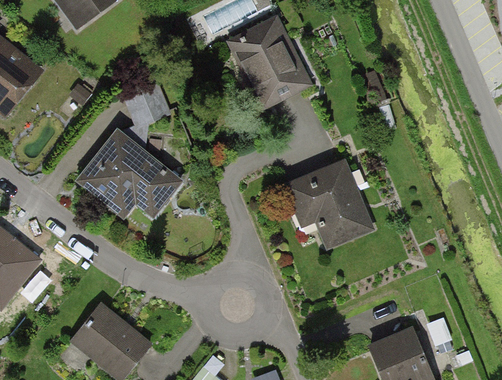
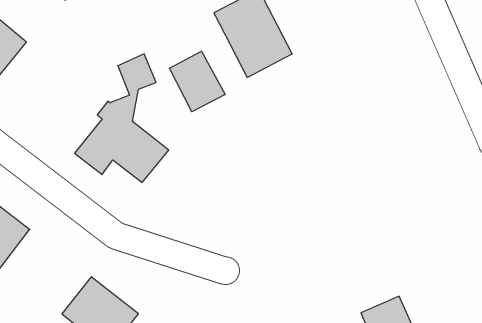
building: none -> [169,51,225,112]
building: [289,162,372,245] -> none

